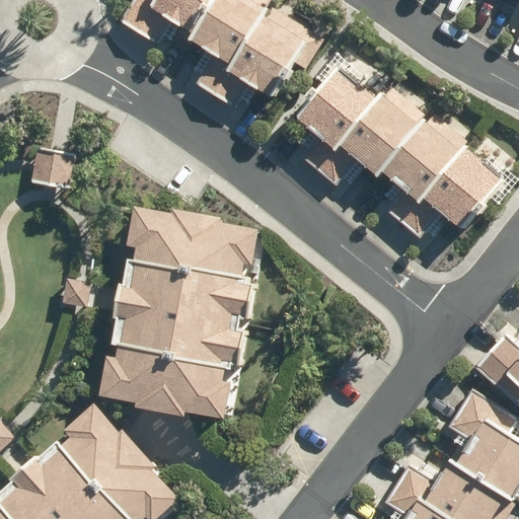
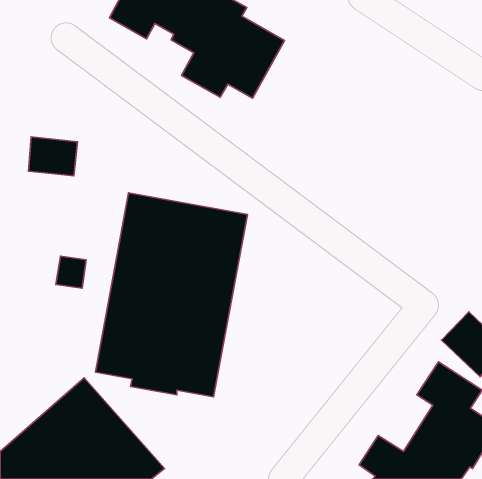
building: [288,68,506,235] -> none

